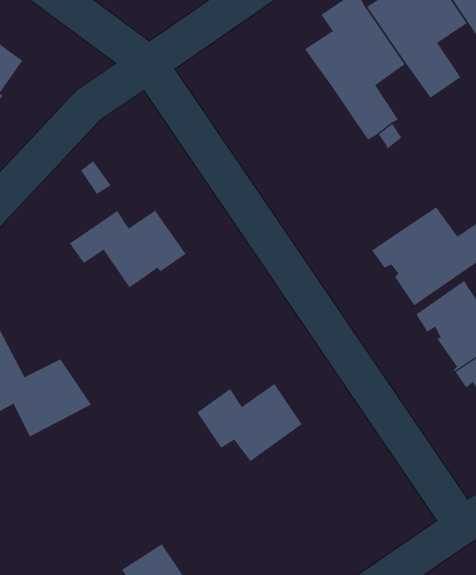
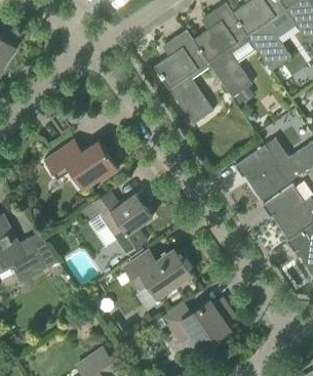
building: none -> [154,30,212,124]
building: none -> [81,191,152,254]
building: none -> [161,298,235,350]

